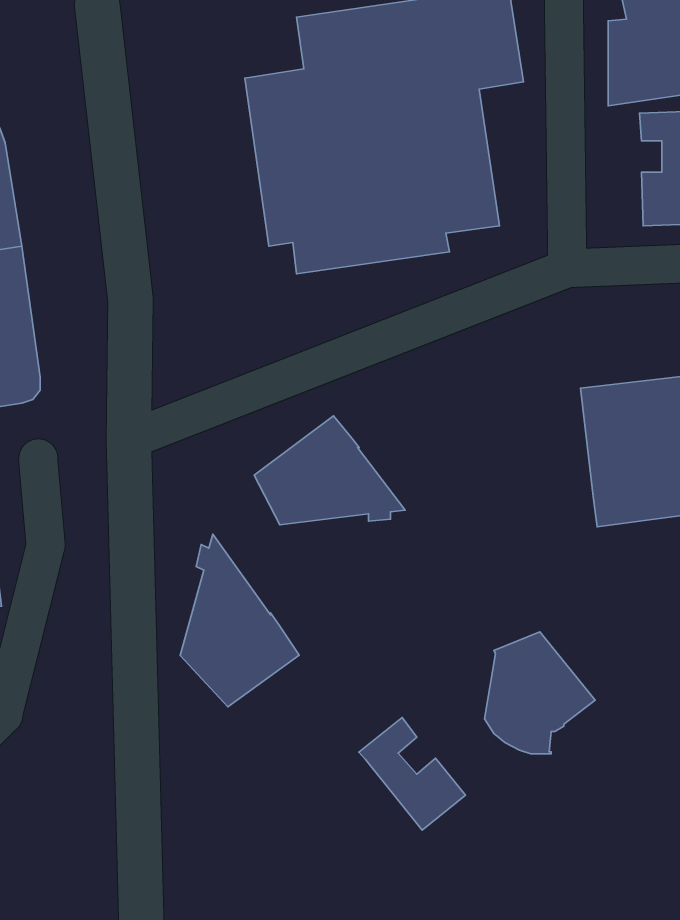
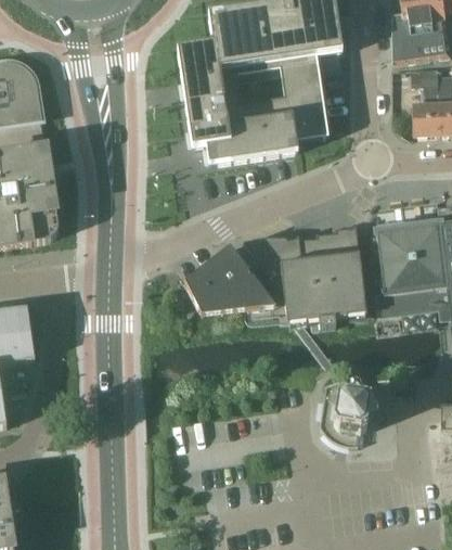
building: none -> [241,226,366,328]
building: [180,534,299,707] -> none
building: [359,717,465,830] -> none

